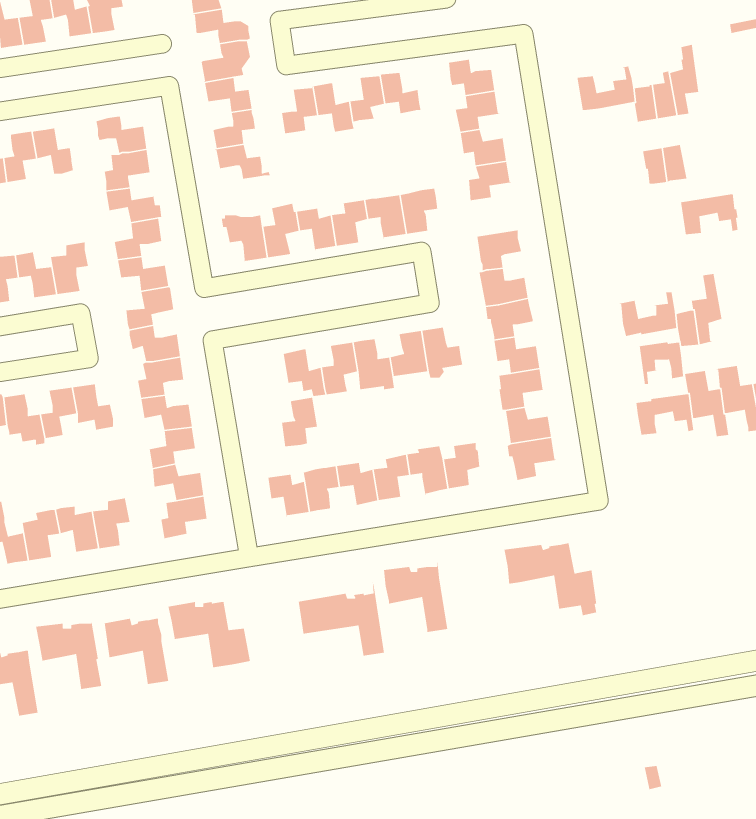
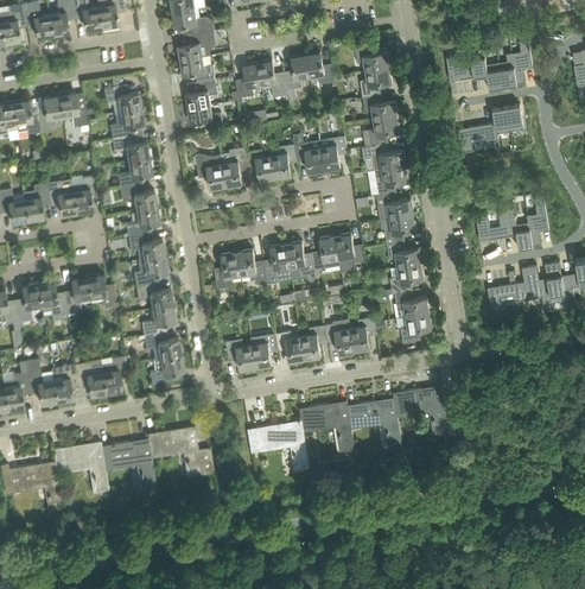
building: [680,193,739,235] -> [457,122,498,152]
building: none -> [369,142,403,169]
building: [639,341,684,385] -> none
building: [281,397,318,447] -> [214,253,240,289]
building: none -> [355,392,402,448]

